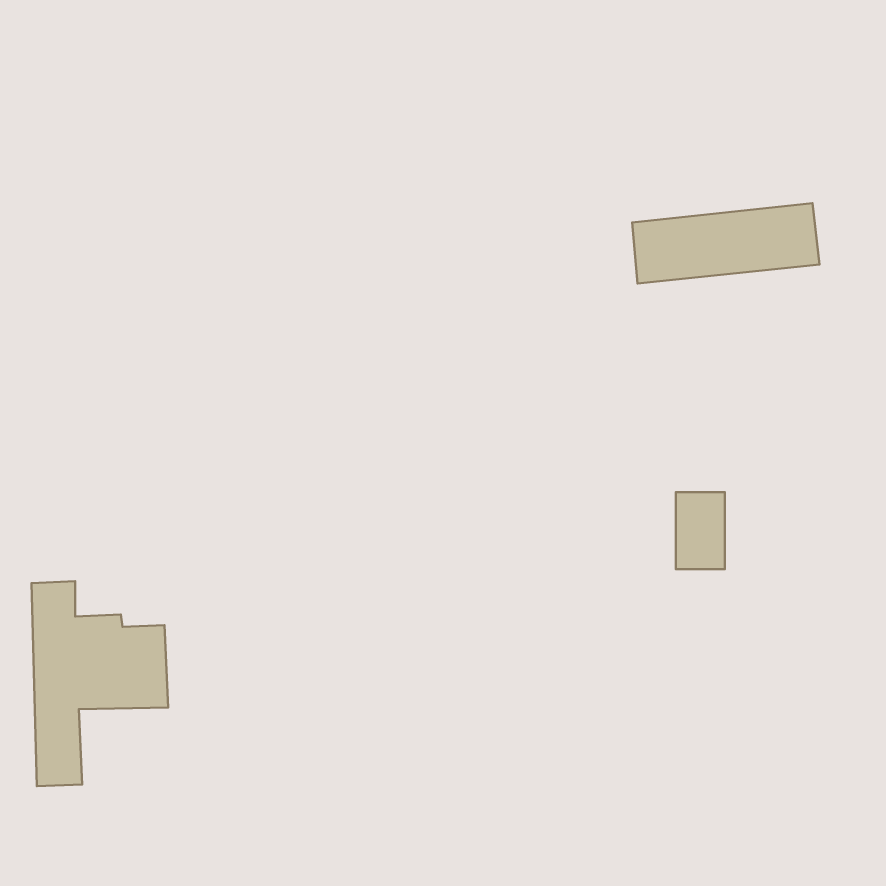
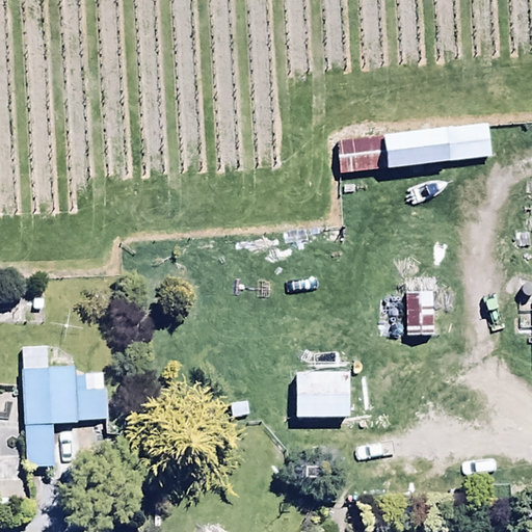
building: none -> [336,132,383,174]
building: none -> [294,371,349,417]

